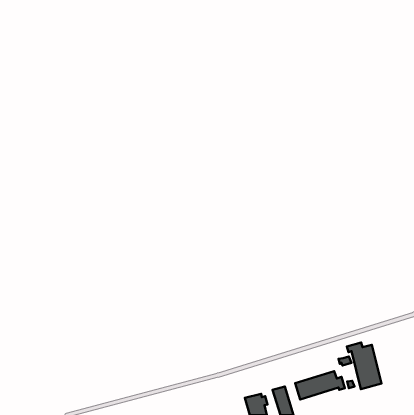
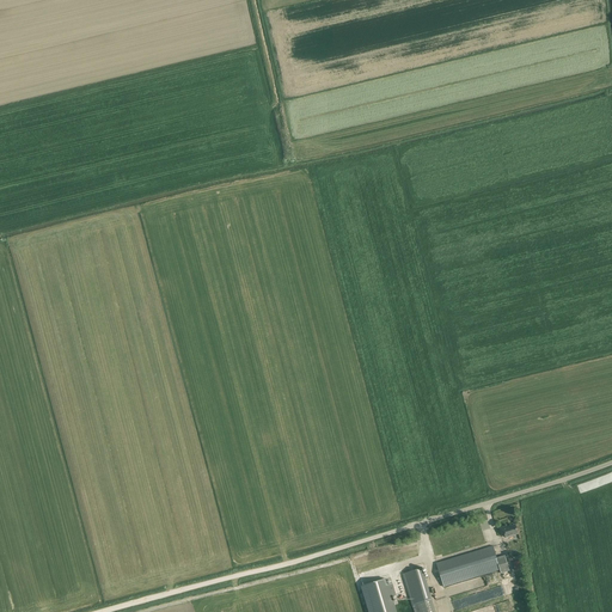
building: [347,342,382,389] -> none

